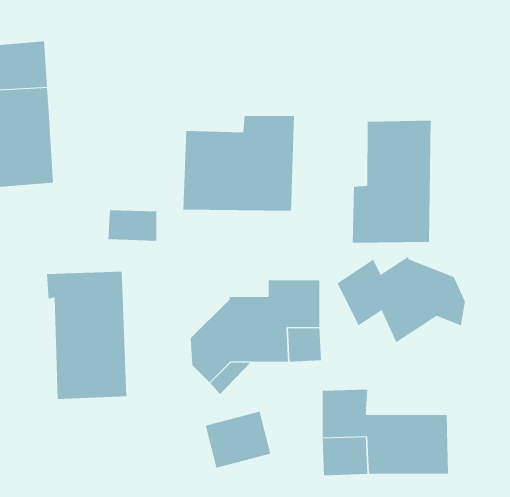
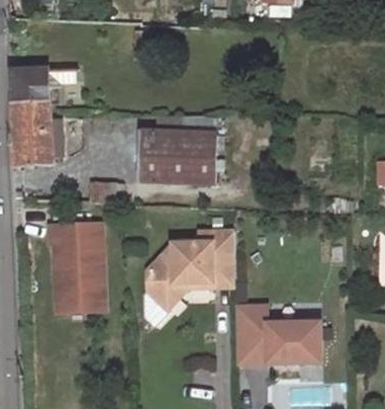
building: [352,120,431,243] -> none
building: [337,256,465,343] -> none
building: [205,411,271,468] -> none

